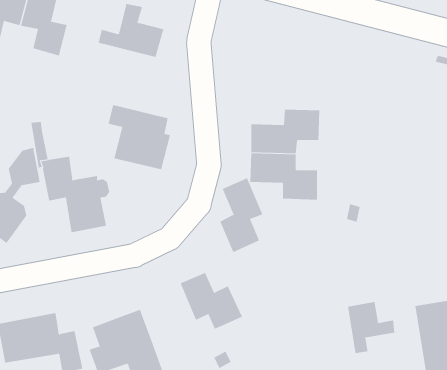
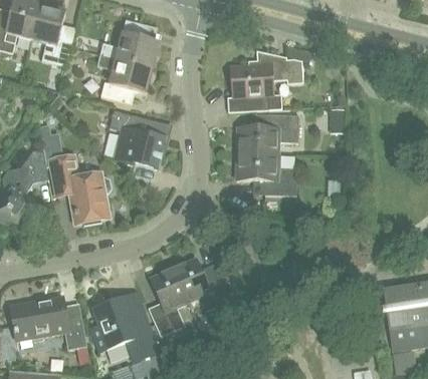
building: none -> [227,50,302,111]
building: none -> [96,54,152,103]
building: [219,178,263,253] -> [148,269,187,336]
building: [348,301,395,354] -> none

